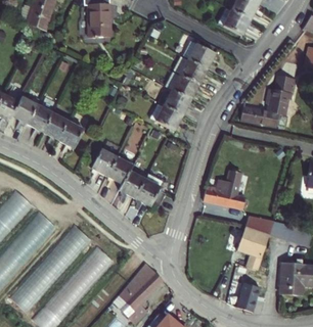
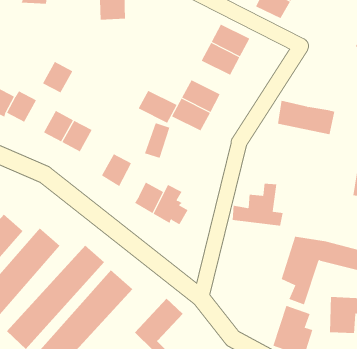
building: [166,72,198,99] -> [138,90,177,123]
building: [263,74,294,112] -> none
building: [28,104,53,131] -> [42,61,73,93]
building: [106,156,132,184] -> none

